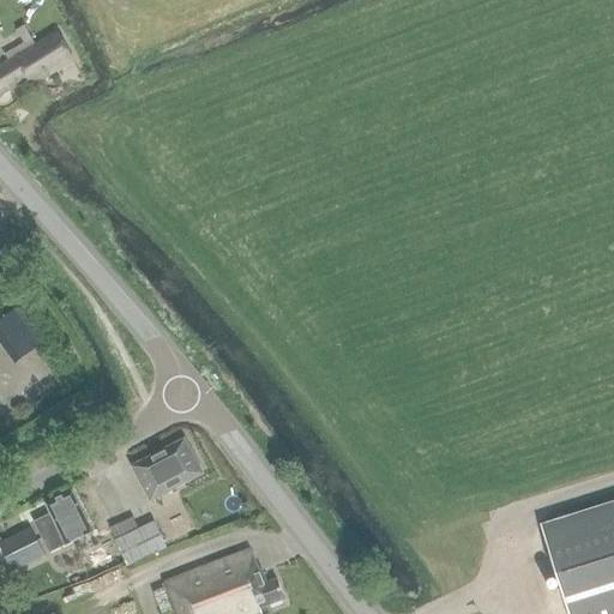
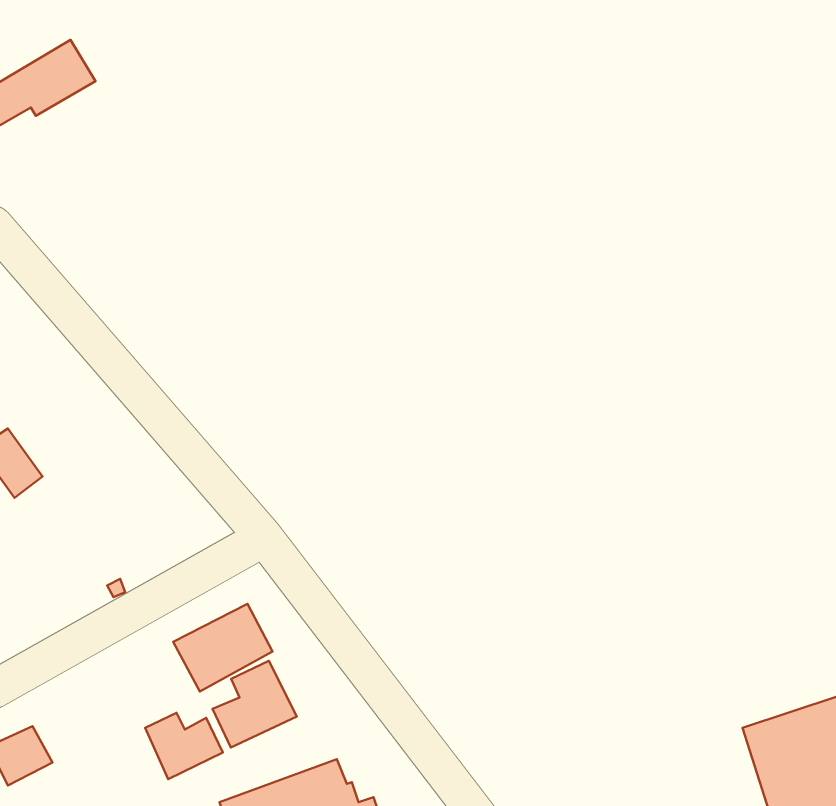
building: none -> [213,661,297,747]
building: [32,490,90,550] -> none

